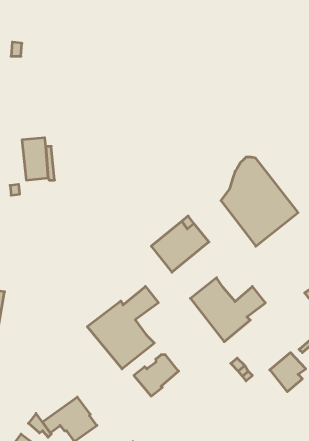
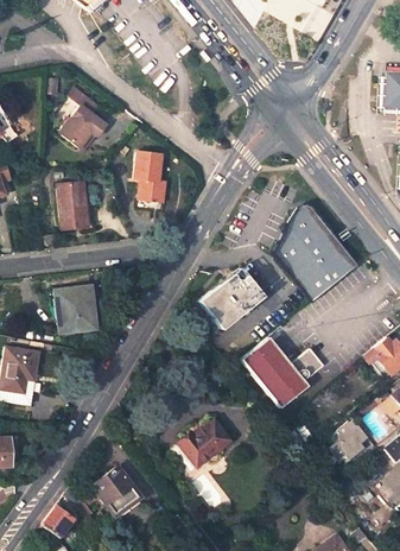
building: none -> [61,88,107,147]
building: none -> [135,152,166,202]
building: none -> [56,286,94,332]
building: [87,286,158,369] -> none

